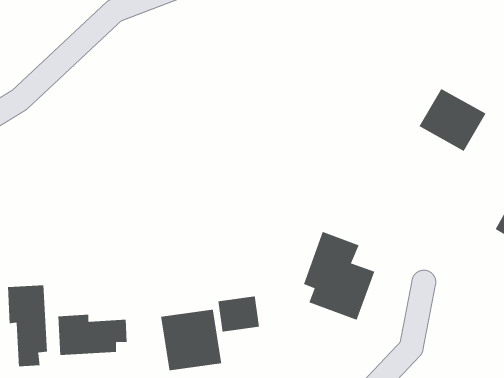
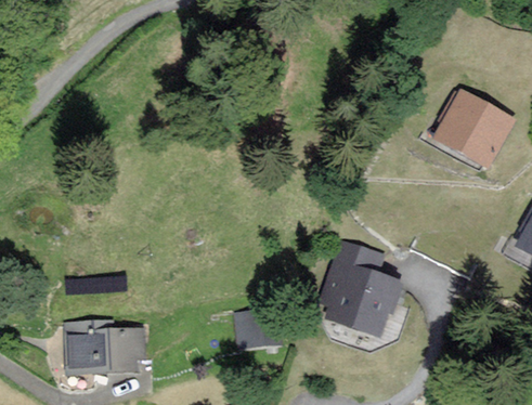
building: [8,284,48,367] -> none
building: [161,309,222,371] -> none

